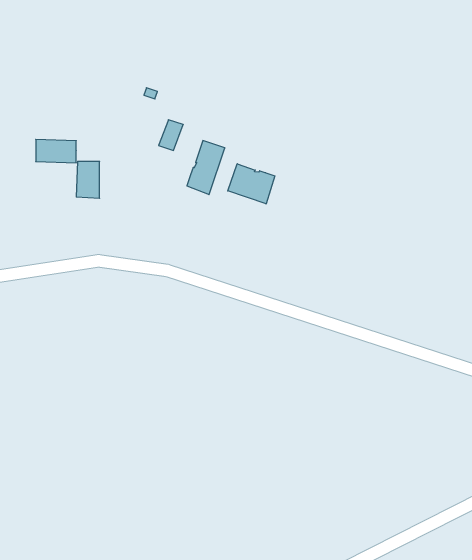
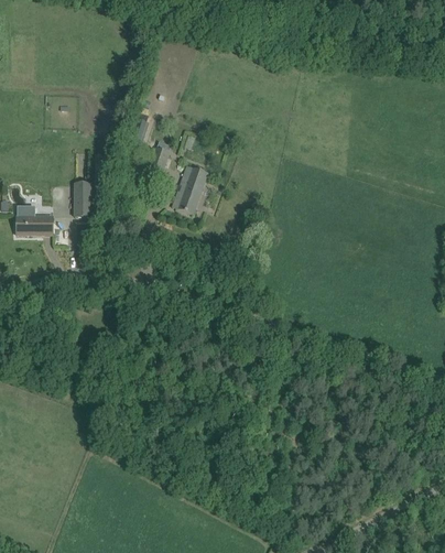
building: [36,139,76,163] -> [17,213,53,234]
building: [228,164,275,204] -> none

